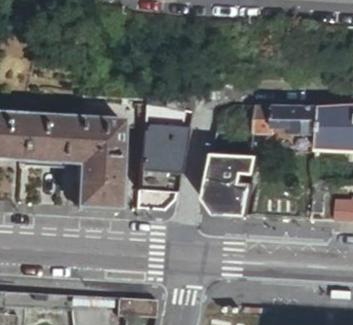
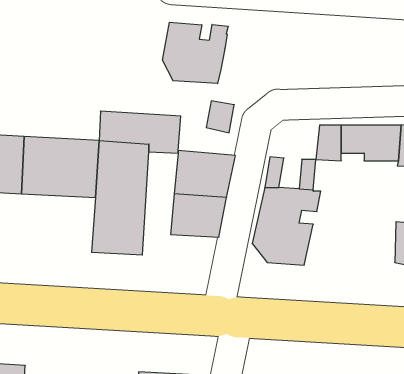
building: none -> [163,22,228,84]

